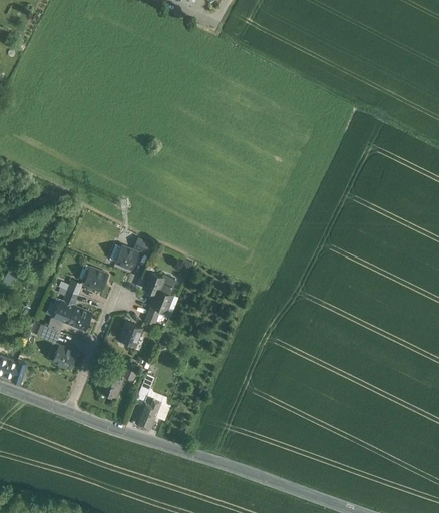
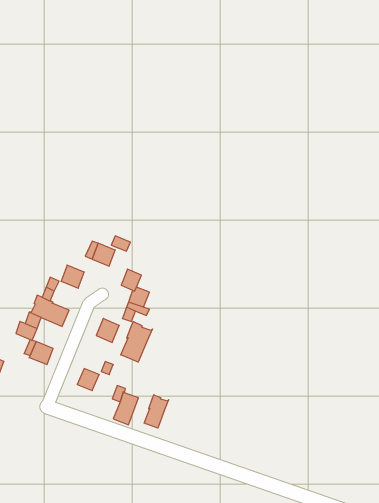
building: none -> [121,322,152,362]
building: none -> [144,395,169,428]

